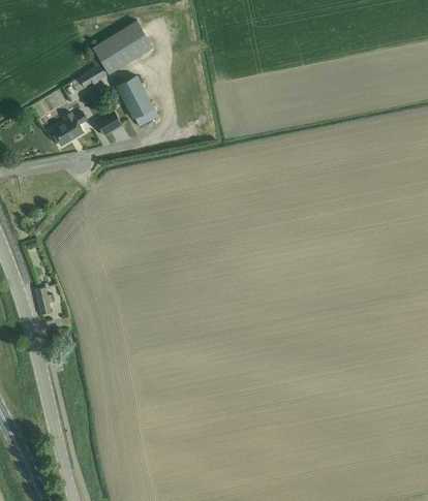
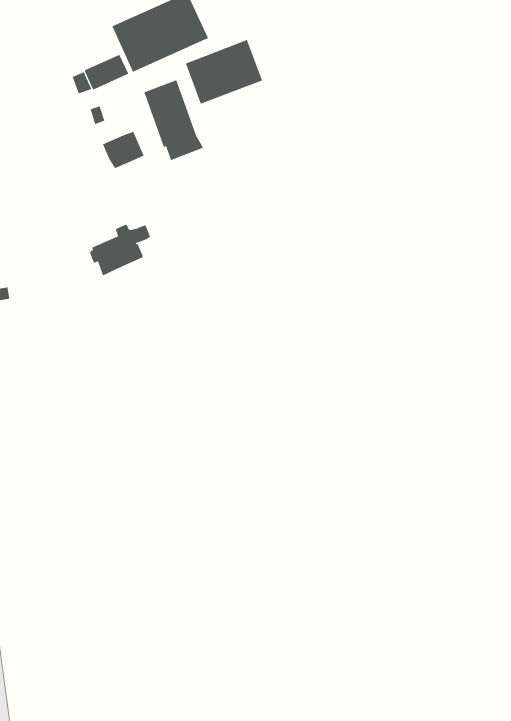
building: none -> [185,39,263,105]
building: [50,112,87,147] -> [89,224,151,276]

